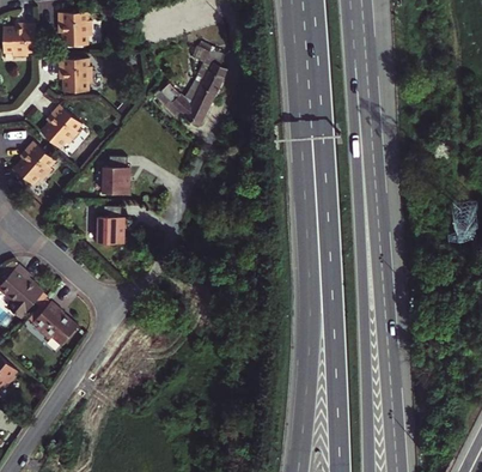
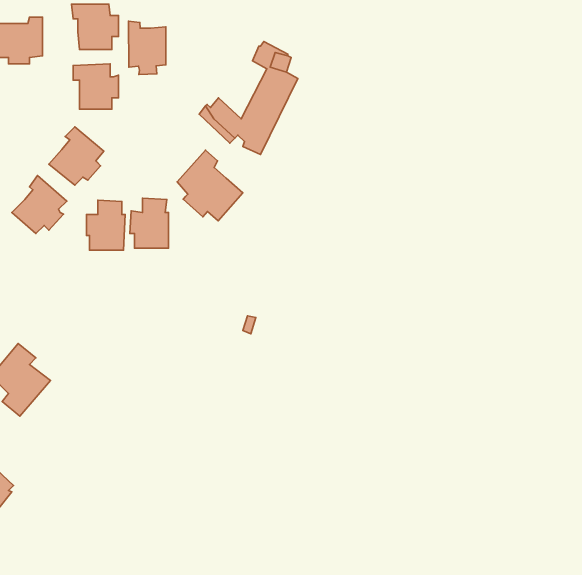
building: none -> [129,21,166,74]
building: none -> [177,150,243,221]
building: [97,206,126,243] -> [86,200,125,250]
building: [33,301,78,345] -> none

